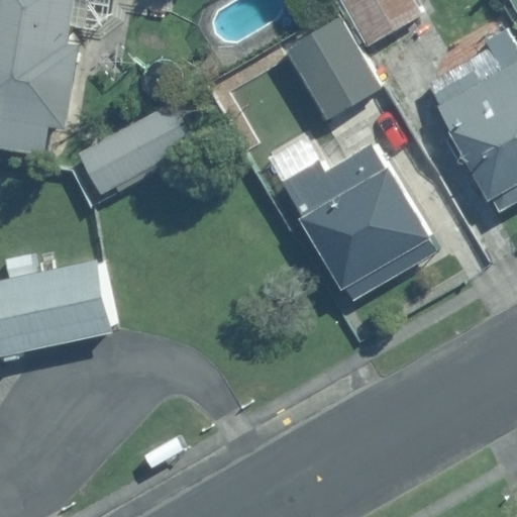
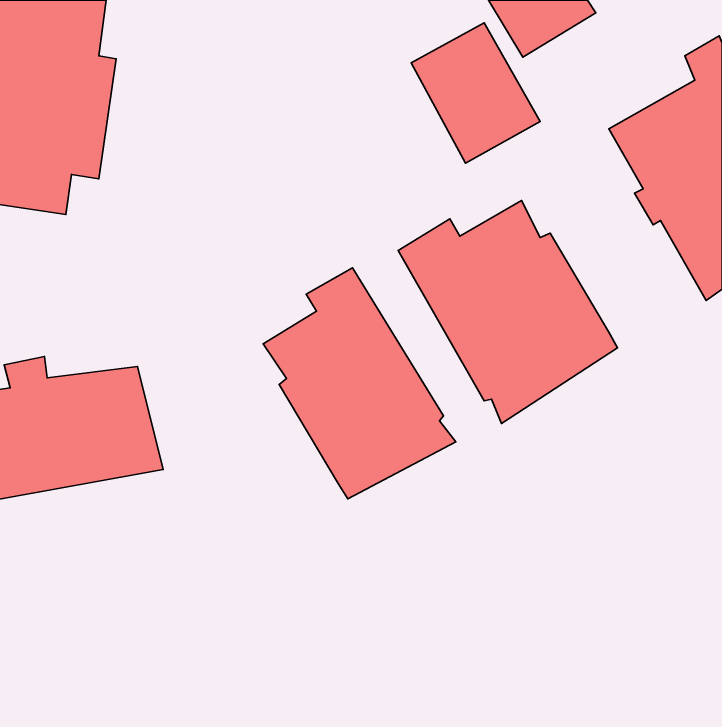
building: [81,104,191,193] -> none
building: none -> [263,268,456,499]

